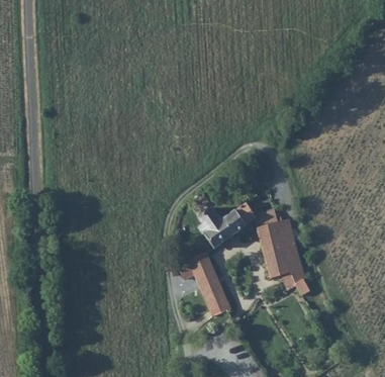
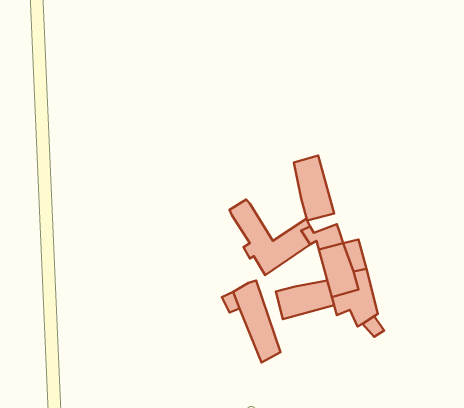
building: none -> [294,156,334,221]
building: none -> [276,280,334,319]

